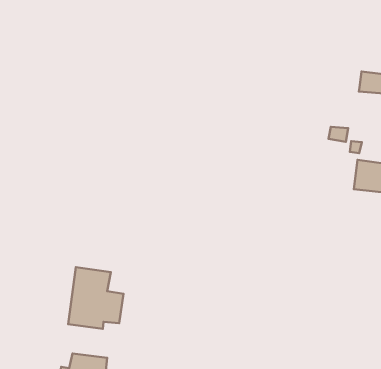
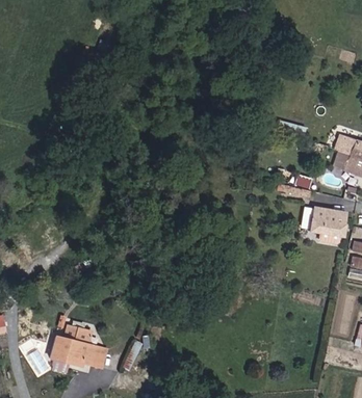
building: [68,267,124,329] -> none

